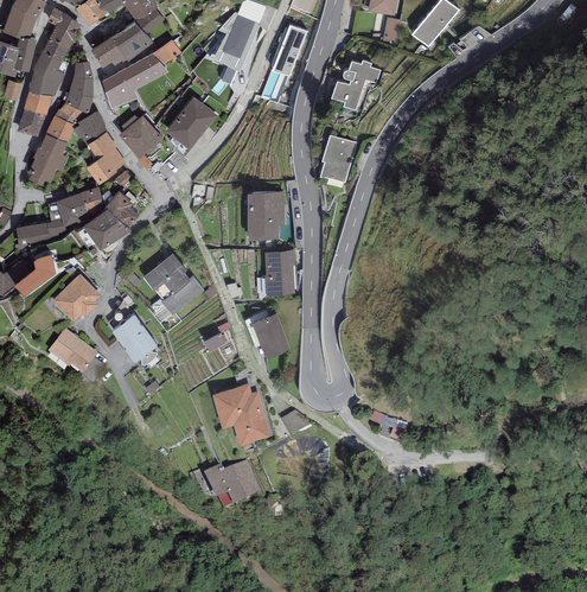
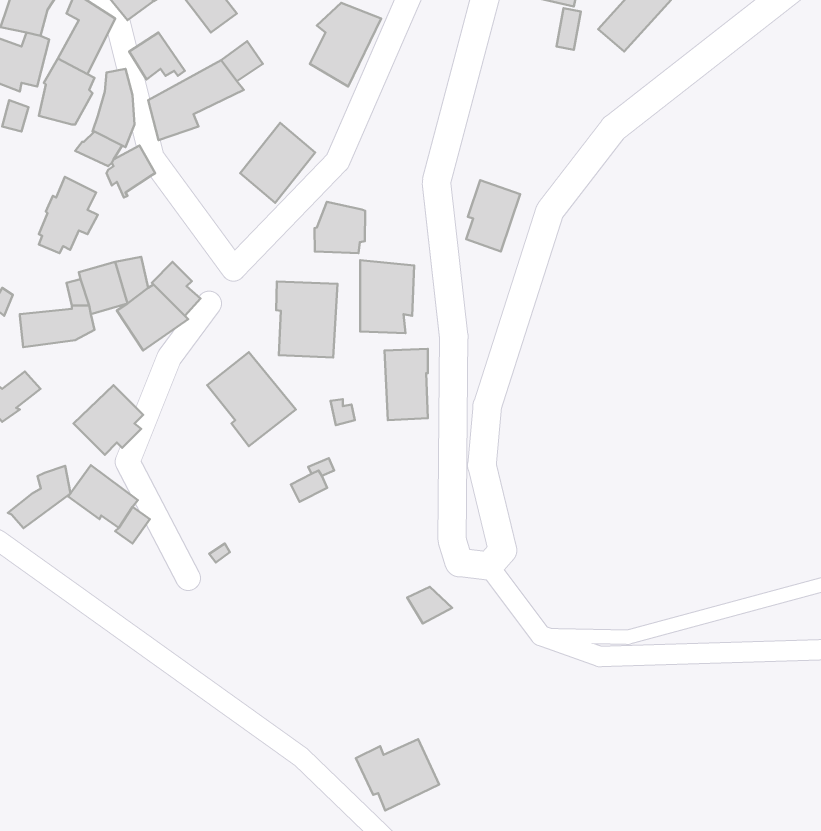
building: [110,18,153,59] -> none
building: [273,28,306,78] -> none
building: [331,59,381,112] -> none
building: [17,90,51,136] -> none
building: [119,113,162,158] -> none
building: [45,114,76,142] -> none
building: [87,131,126,182] -> none
building: none -> [314,202,365,253]
building: none -> [276,282,338,358]
building: [13,257,56,300] -> [8,466,70,528]
building: [113,312,157,361] -> none
building: [253,312,289,357] -> none
building: [212,383,270,445] -> none
building: [204,463,261,511] -> [356,739,439,810]

